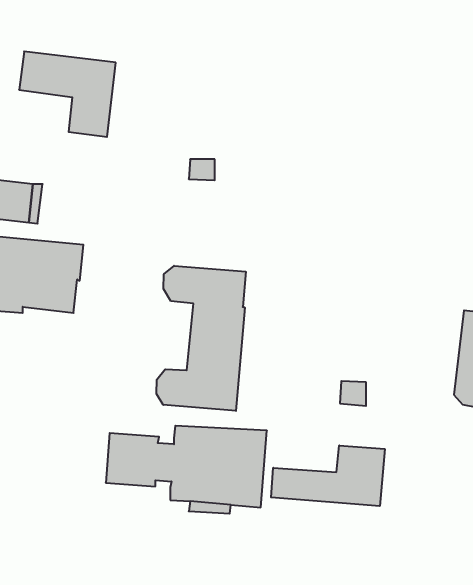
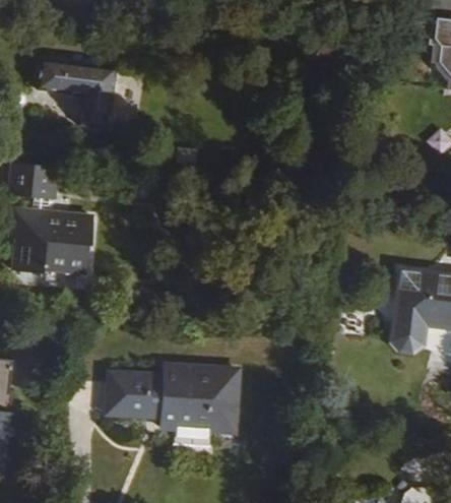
building: [157,266,246,411] -> none
building: [271,445,385,506] -> none

